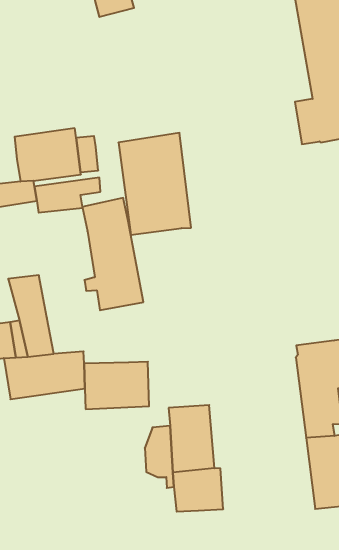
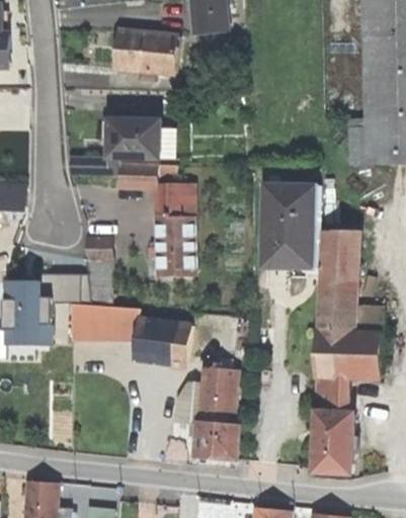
building: none -> [114,29,179,74]
building: [118,133,191,235] -> [264,186,319,267]
building: none -> [320,243,355,333]

